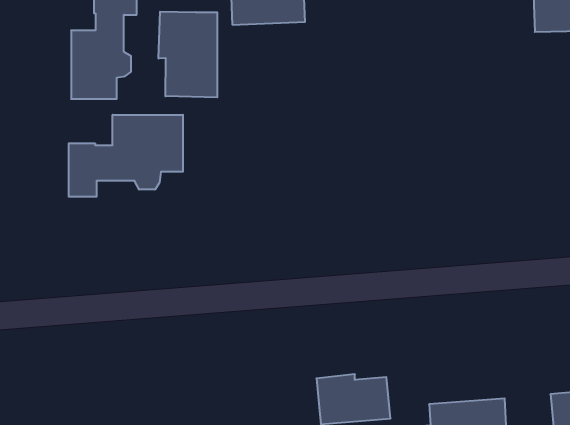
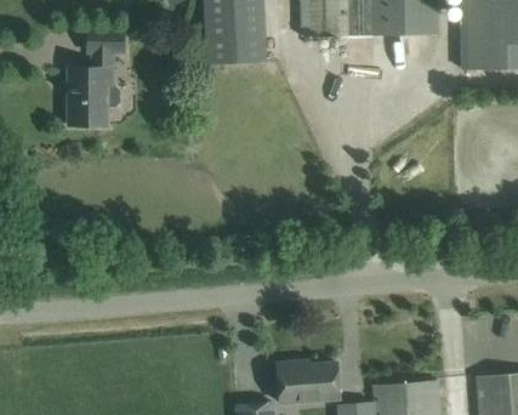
building: [159,12,217,97] -> none
building: [69,115,183,197] -> none

